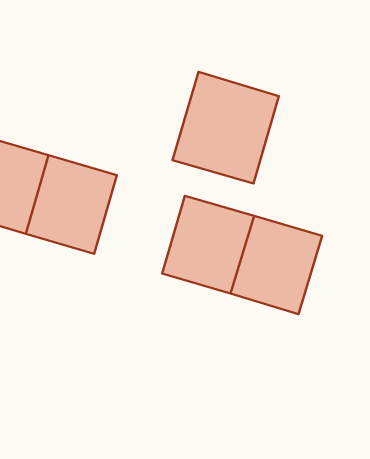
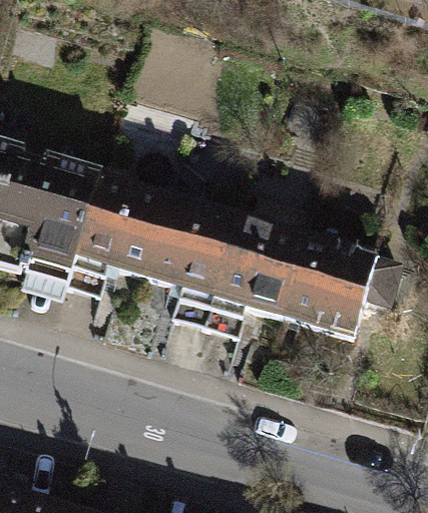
building: [173,72,279,183] -> none
building: none -> [133,195,230,300]

